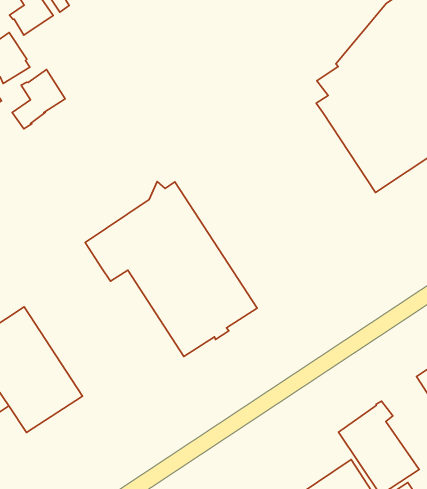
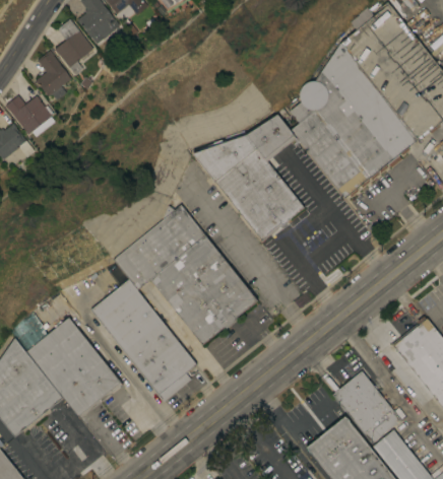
building: [12,70,65,129] -> none
building: none -> [193,115,304,241]
building: none -> [90,279,197,401]

